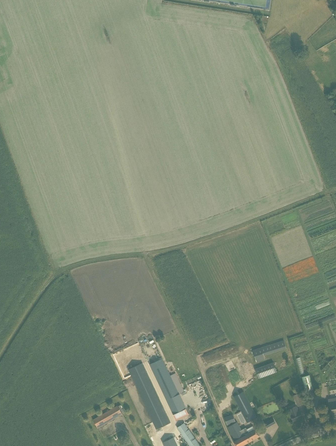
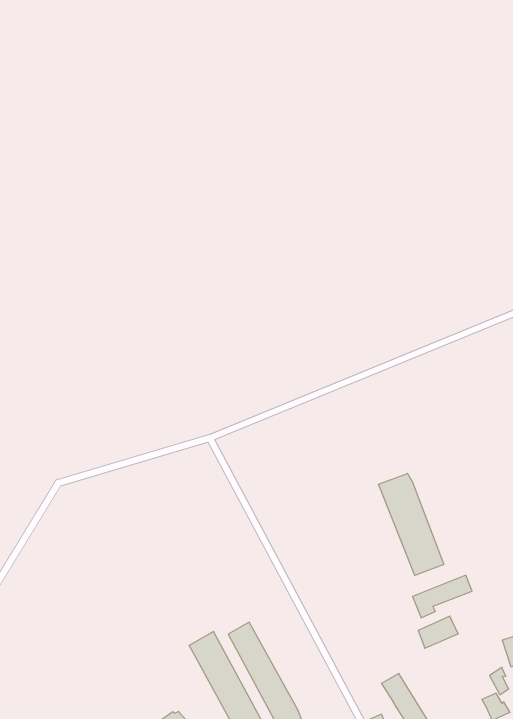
building: none -> [378,473,444,575]

